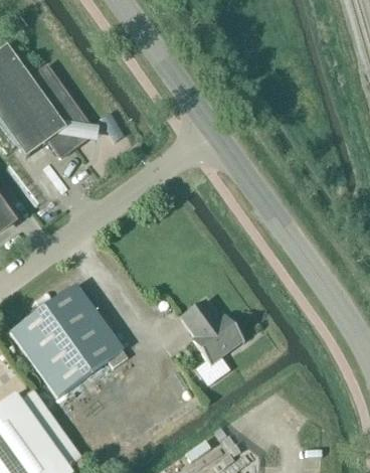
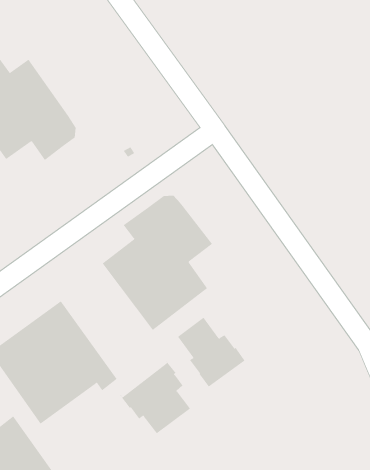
building: none -> [102,195,213,331]
building: none -> [119,360,191,434]

